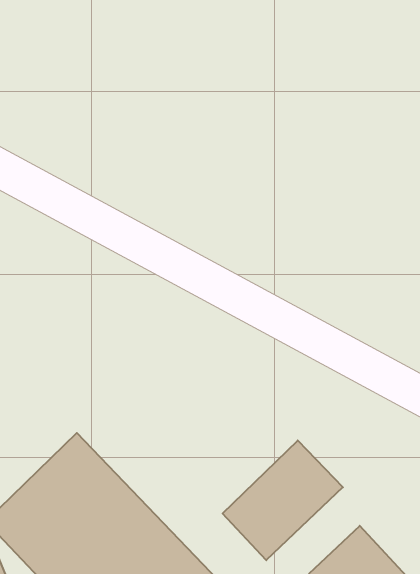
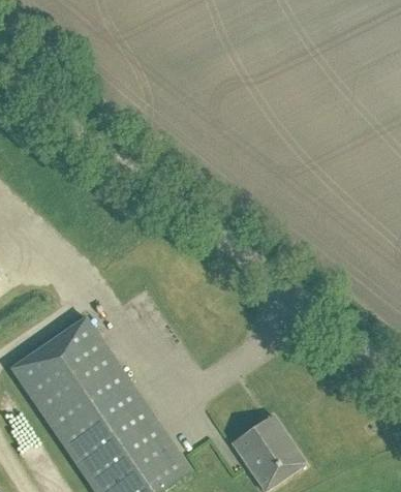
building: [223,440,343,560] -> none

